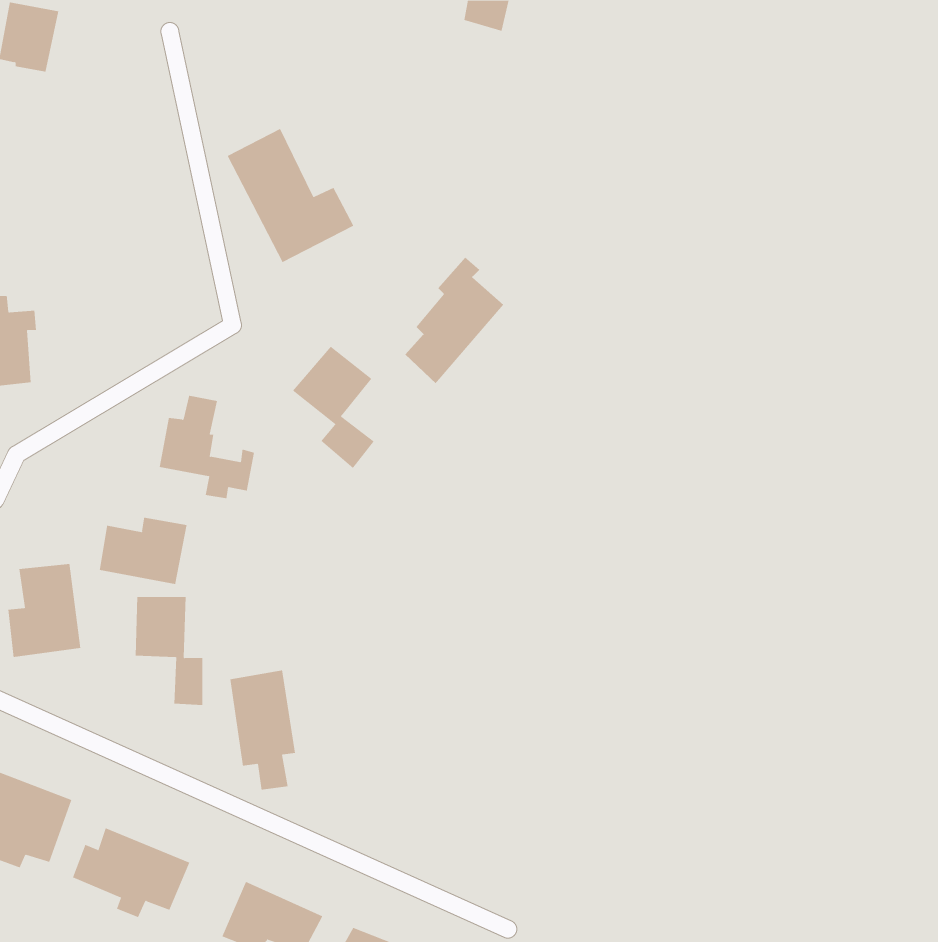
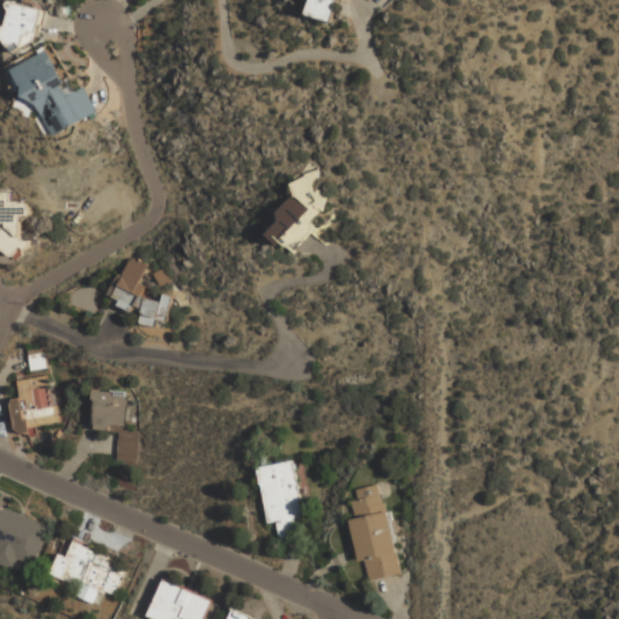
building: [227,128,354,263] -> [11,50,94,138]
building: [292,346,374,469] -> none
building: [99,517,187,585] -> none
building: [229,670,296,790] -> [255,462,299,540]
building: none -> [346,482,399,580]

